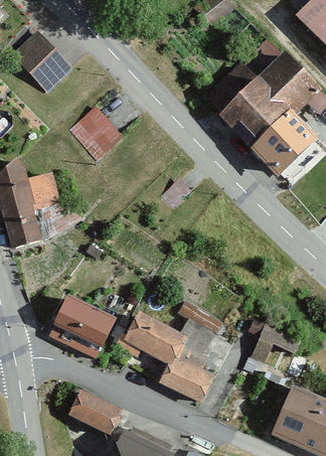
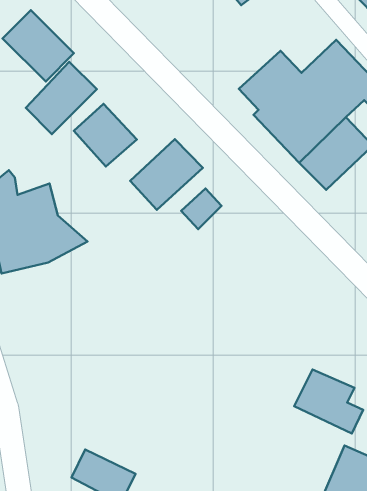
building: none -> [26,62,97,134]
building: none -> [130,139,203,210]
building: [54,296,115,351] -> none
building: [116,302,219,402] -> none

